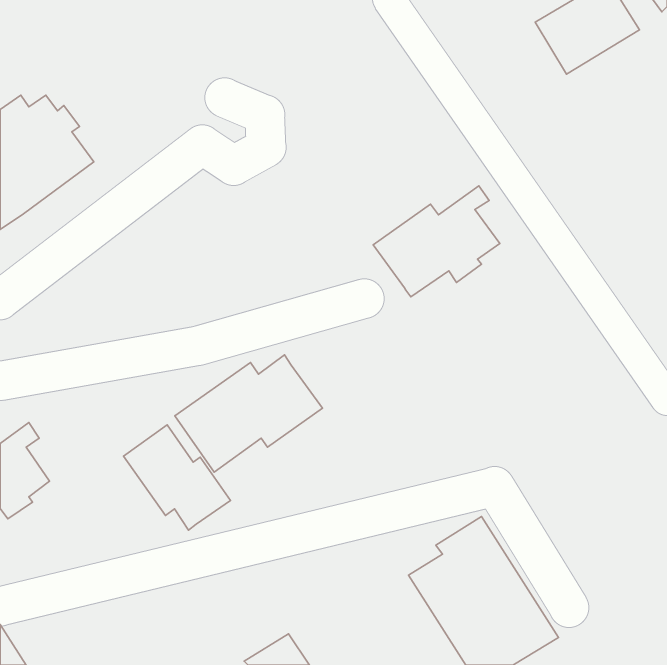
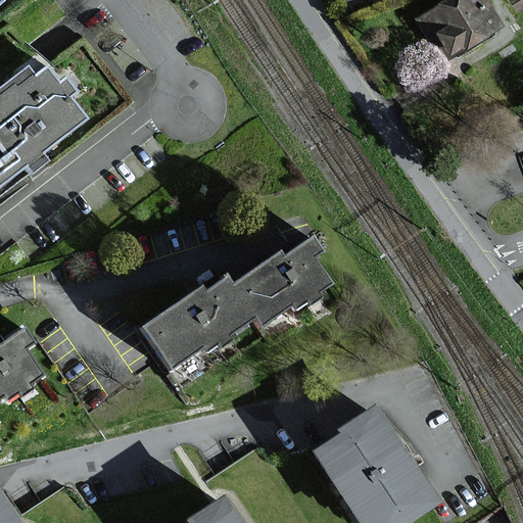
building: [373,186,500,297] -> [228,240,327,327]
building: [124,425,231,530] -> none

